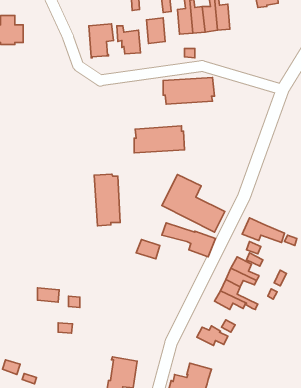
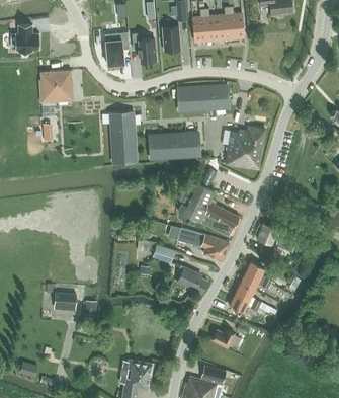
building: none -> [40,70,72,102]
building: none -> [227,127,265,169]
building: [94,174,120,226] -> [110,112,136,163]
building: none -> [177,265,208,294]

